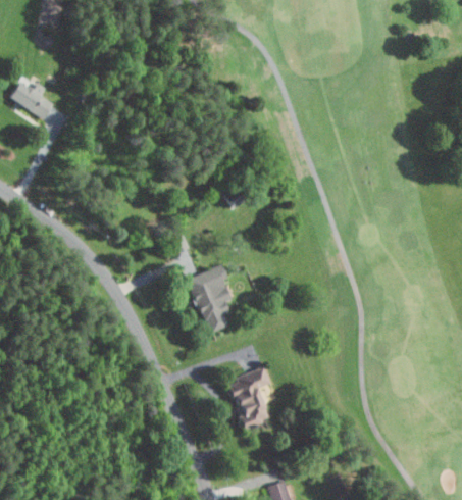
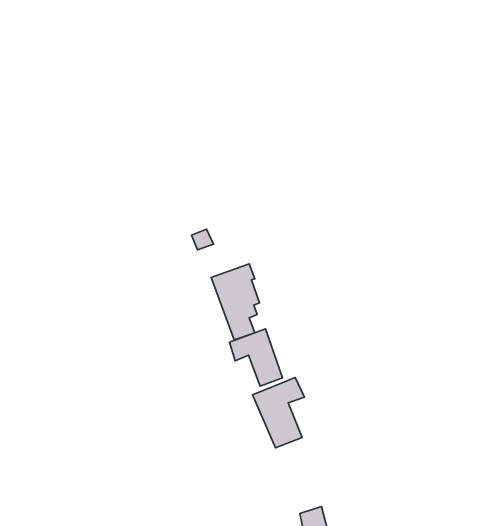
building: [7,81,54,119] -> none
building: none -> [229,329,282,386]

